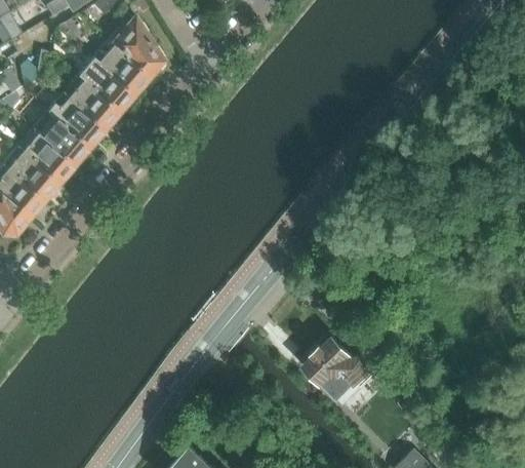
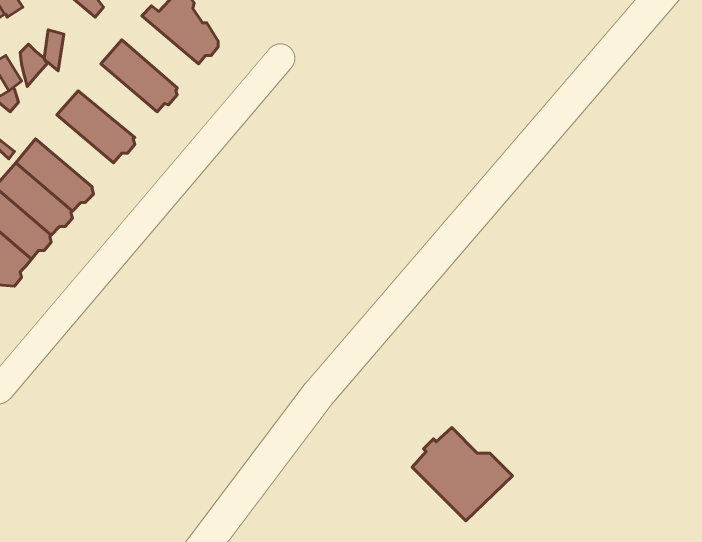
building: [93,40,149,92] -> none
building: [62,75,119,128] -> none
building: [31,112,87,164] -> none

